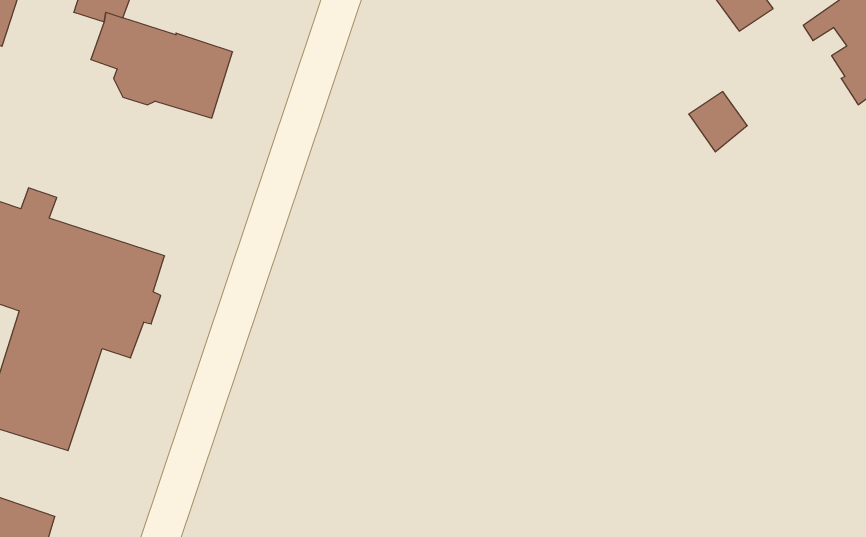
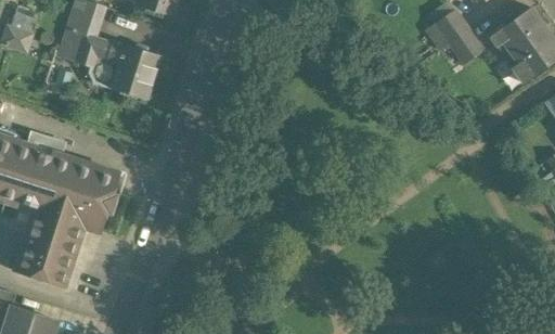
building: [689,92,747,152] -> [448,29,481,64]

